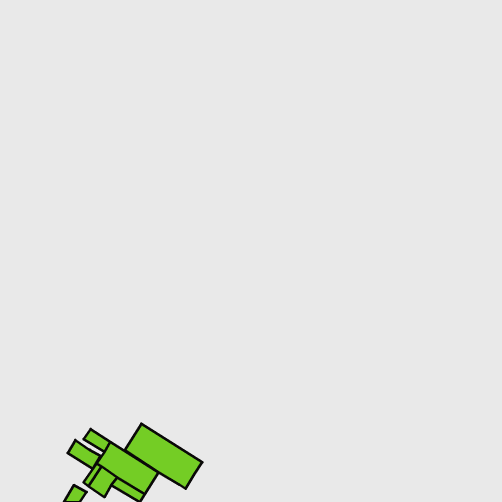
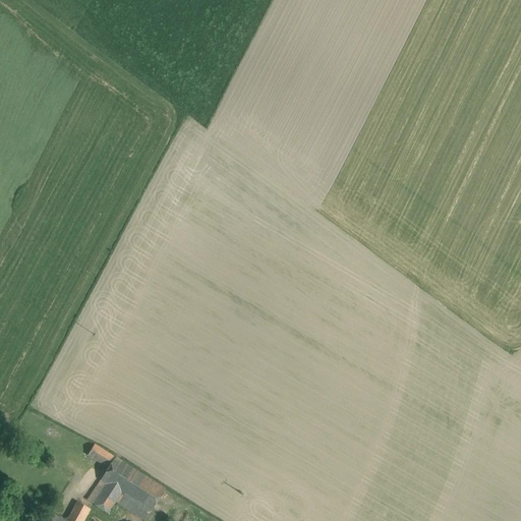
building: [125,424,202,489] -> none
building: [68,440,100,469] -> none

